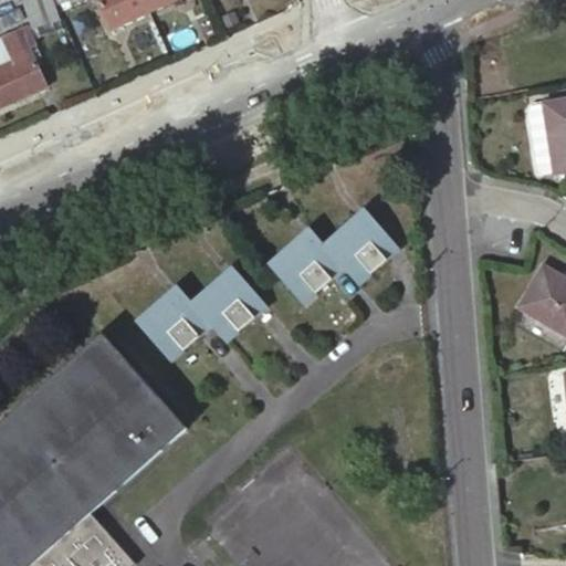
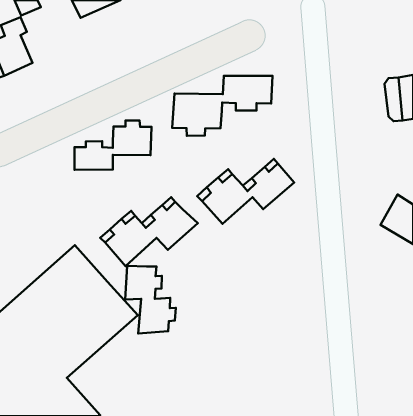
building: none -> [172,76,273,136]
building: none -> [74,120,151,170]
building: none -> [125,266,176,334]

